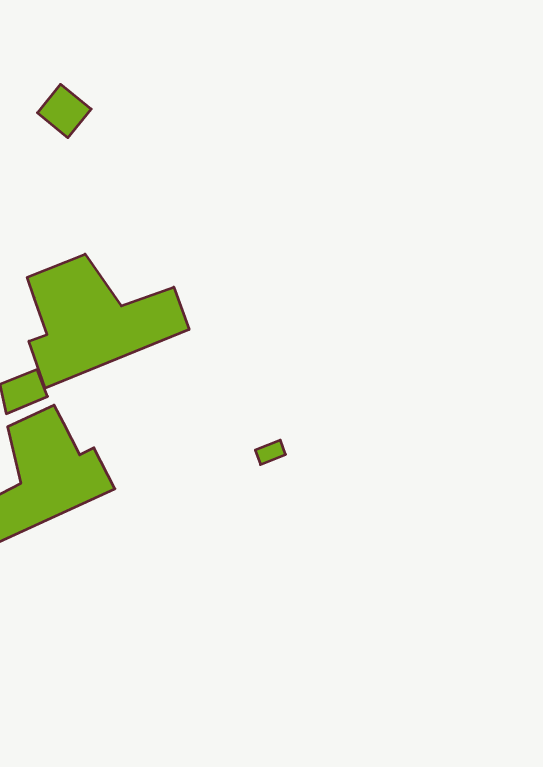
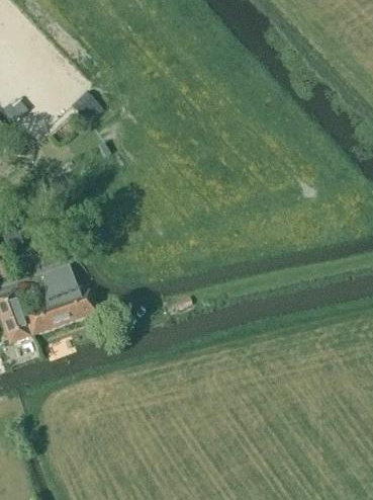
building: [27,254,189,388] -> none

